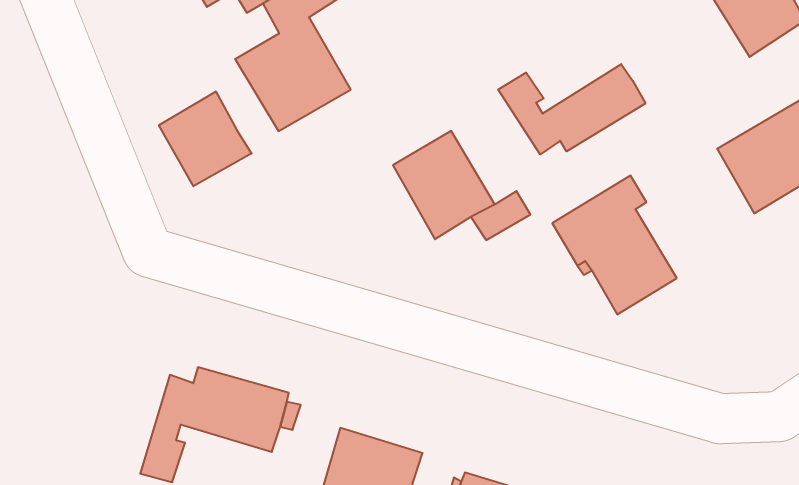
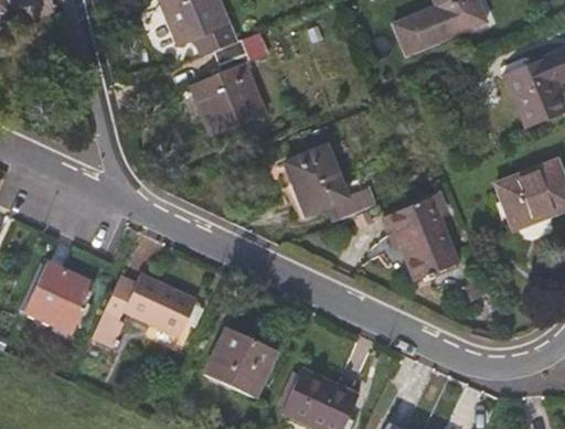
building: [498,64,645,154] -> none
building: [159,91,252,186] -> none
building: none -> [23,262,95,336]

